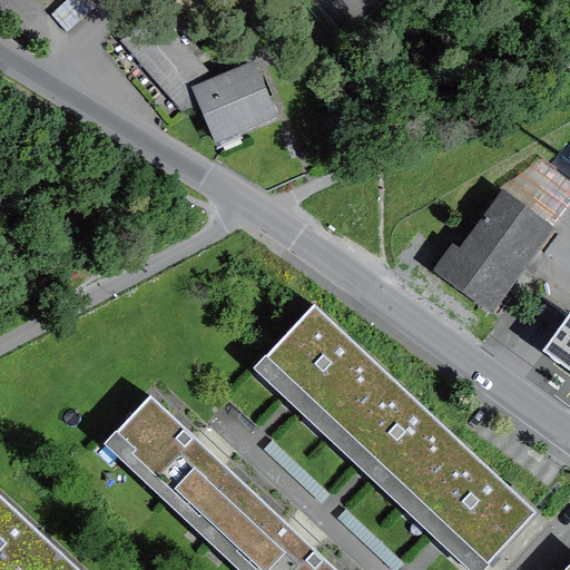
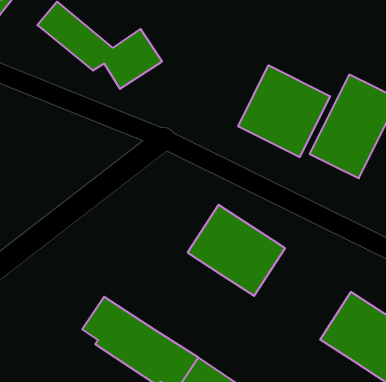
building: none -> [238,65,330,157]
building: [338,377,461,500] -> none

